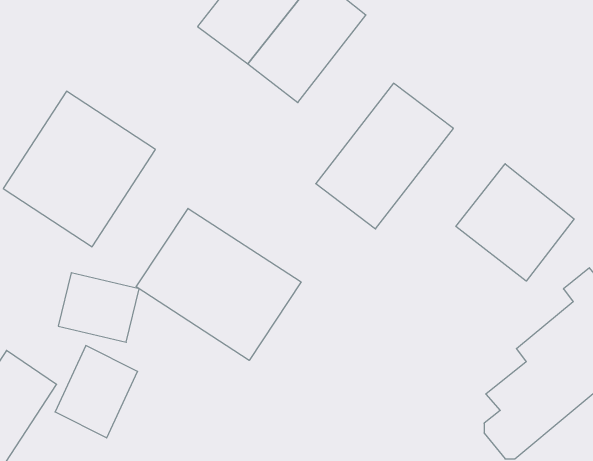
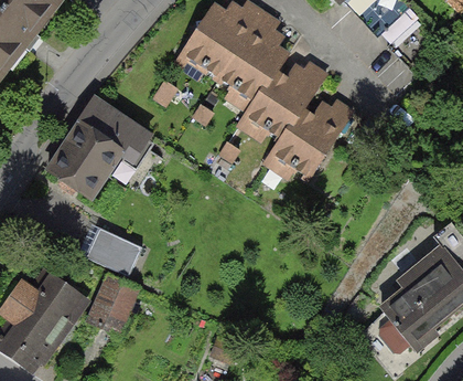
building: none -> [235,55,321,150]
building: [456,164,574,281] -> none
building: [136,208,301,360] -> none

